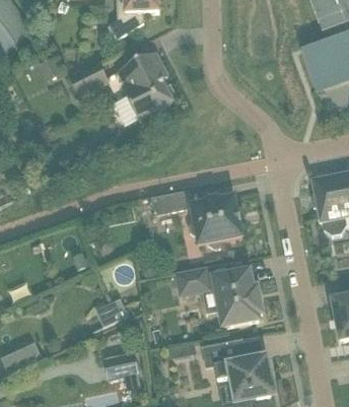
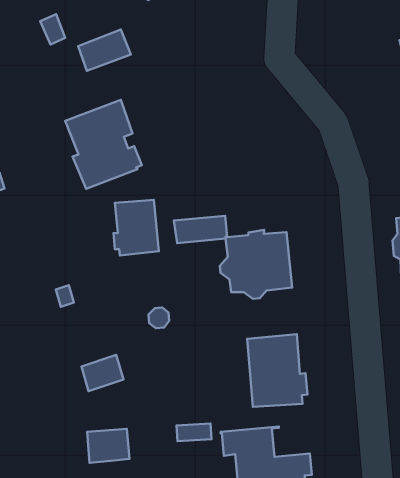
building: [118,51,177,118] -> [65,100,142,189]
building: none -> [113,200,159,255]
building: [178,265,209,293] -> none

